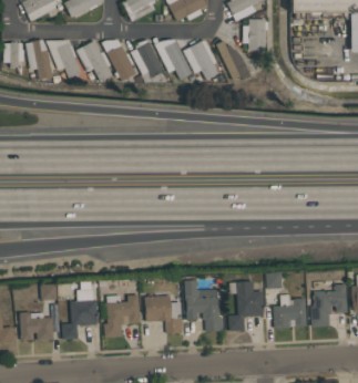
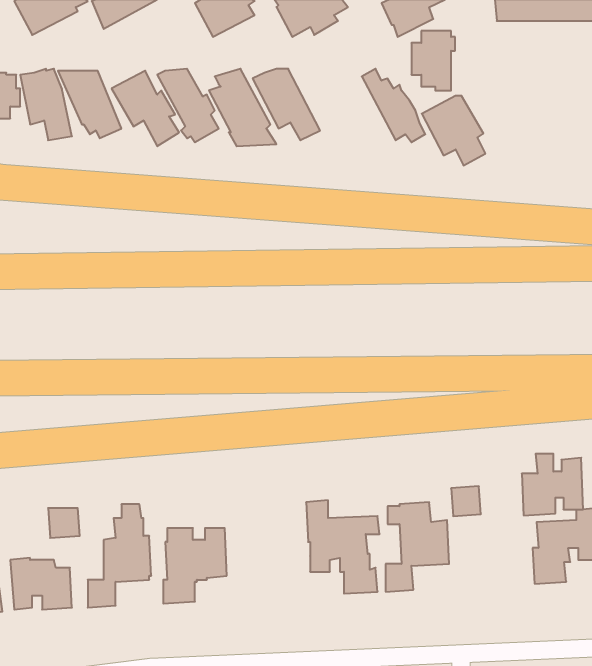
building: [183,41,218,80] -> [422,96,485,165]
building: [272,296,306,330] -> [522,454,583,515]
building: [144,297,182,333] -> none

